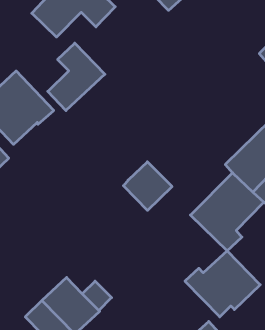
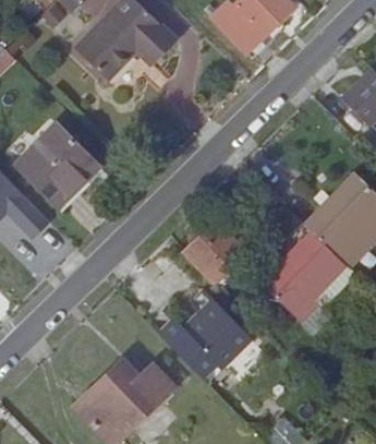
building: [48,43,105,111] -> none
building: [185,251,260,317] -> [161,300,251,379]

